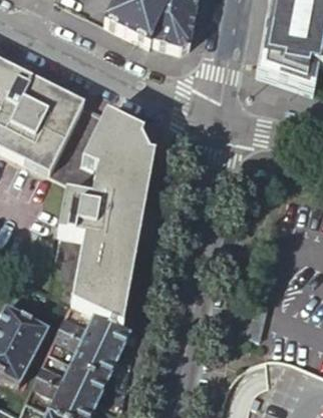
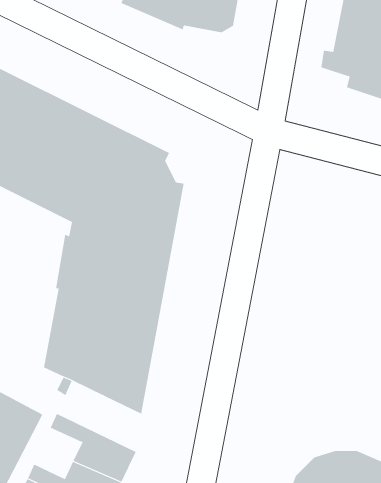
building: [59,314,130,356] -> none

